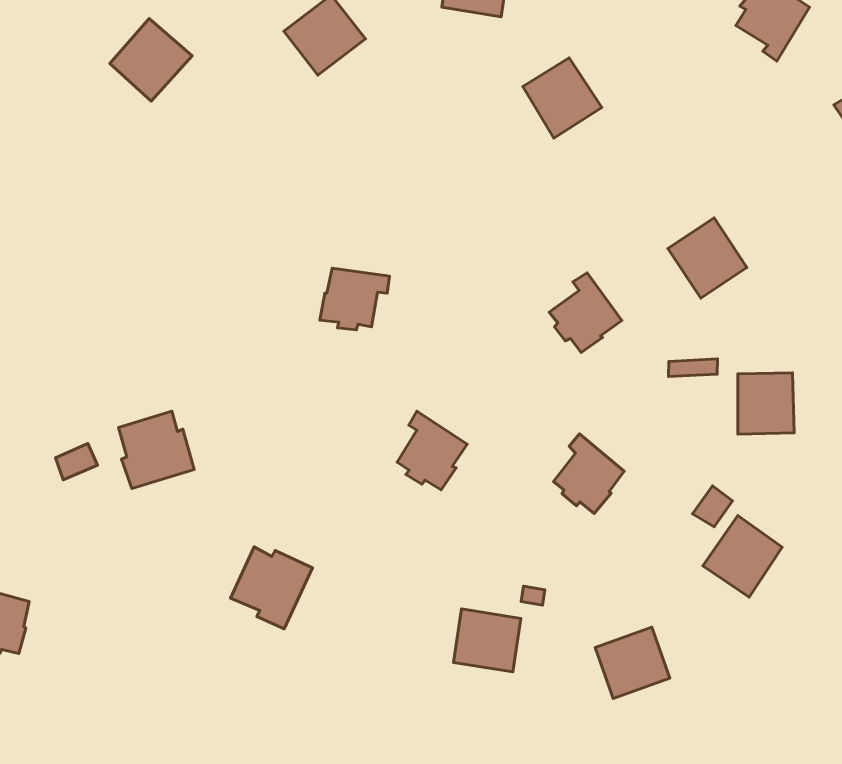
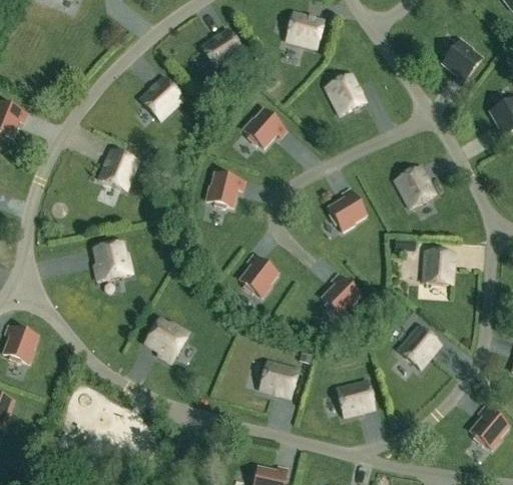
building: [110,18,192,101] -> [139,75,183,119]
building: none -> [242,108,286,146]
building: none -> [98,147,137,188]

